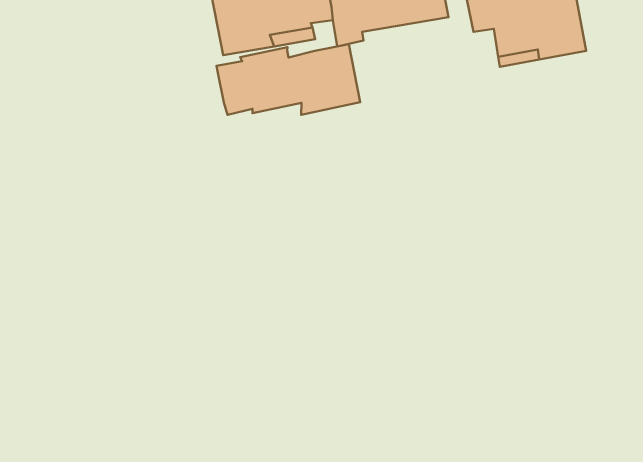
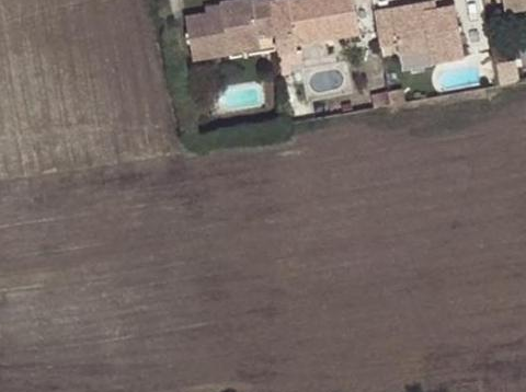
building: [217,44,360,115] -> none

